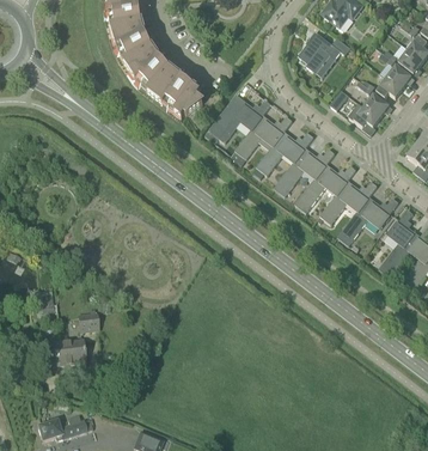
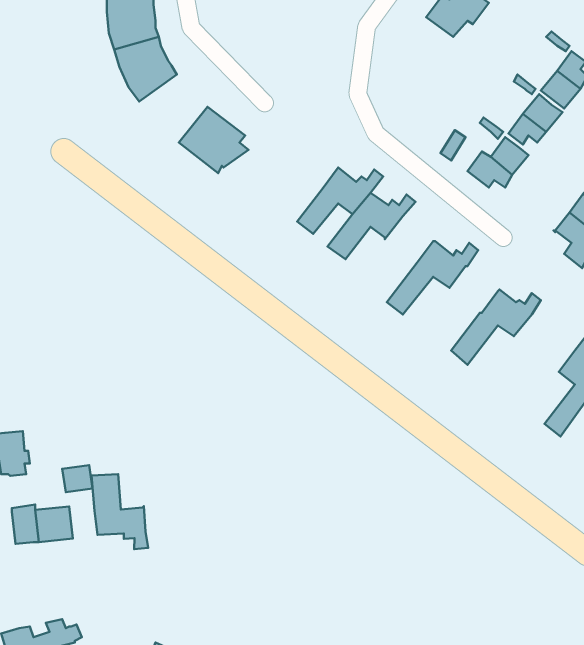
building: [299,32,350,73] -> none
building: [130,51,176,97] -> none
building: [206,95,271,142] -> none
building: [274,146,336,196] -> none
building: [320,179,378,224] -> none
building: [379,208,421,276] -> none
building: none -> [92,474,148,549]

